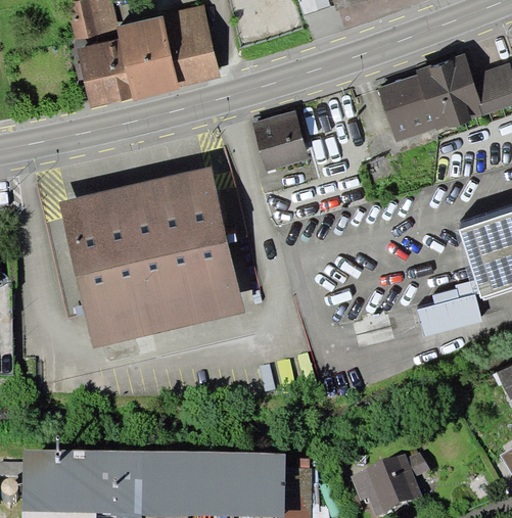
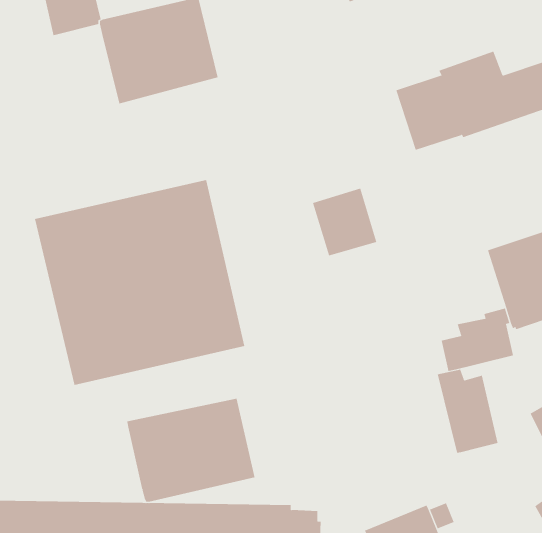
building: [76,39,132,107] -> none
building: [251,110,309,171] -> [312,188,377,256]
building: none -> [437,369,498,453]
building: none -> [127,398,255,503]

